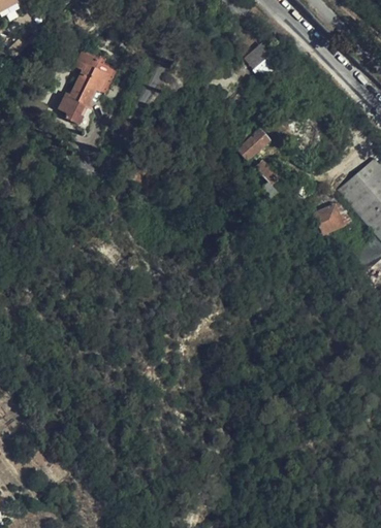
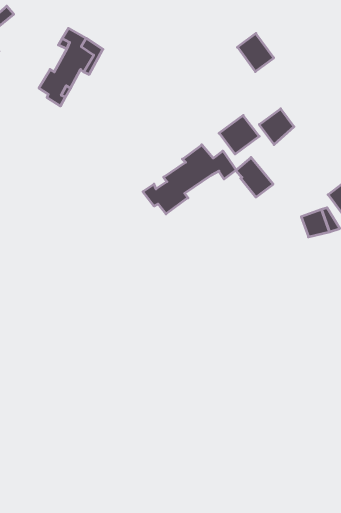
building: none -> [259,109,294,145]
building: none -> [143,145,236,214]

